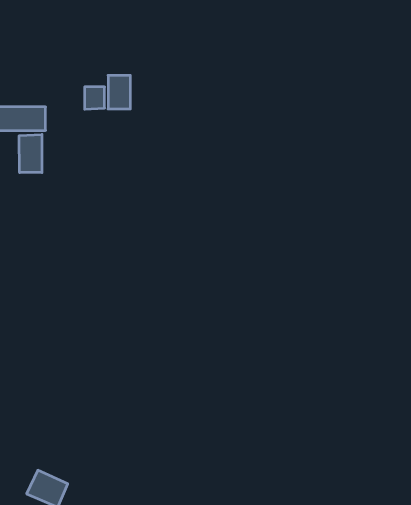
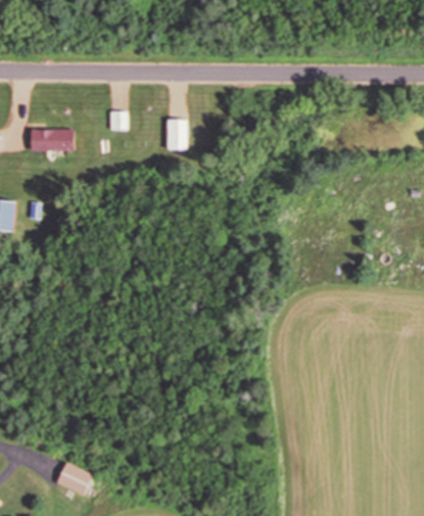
building: [108,75,130,109] -> [167,119,187,149]
building: [19,134,42,173] -> none

